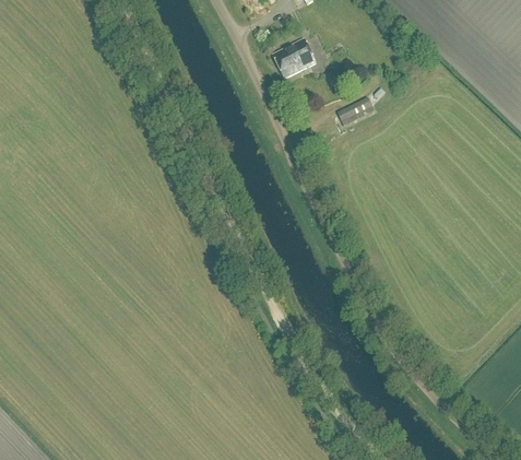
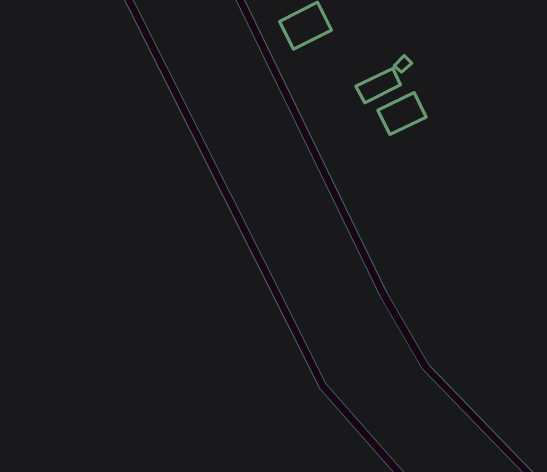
building: none -> [378,93,426,135]

